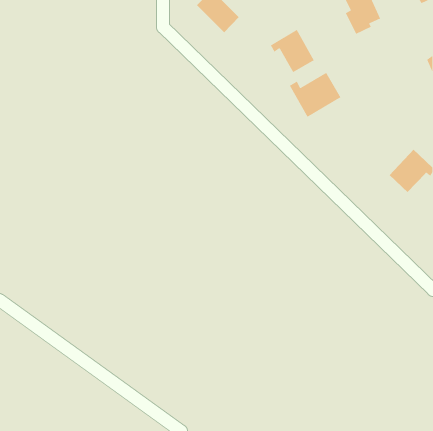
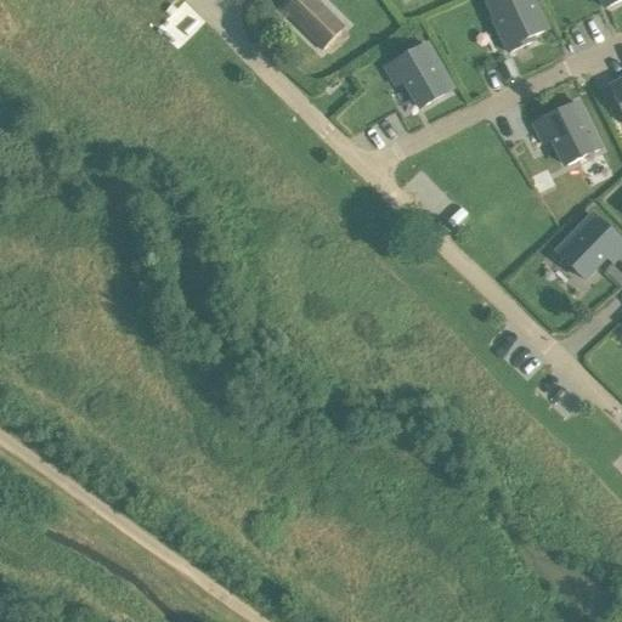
building: none -> [536,100,599,163]
building: [289,72,342,118] -> none

